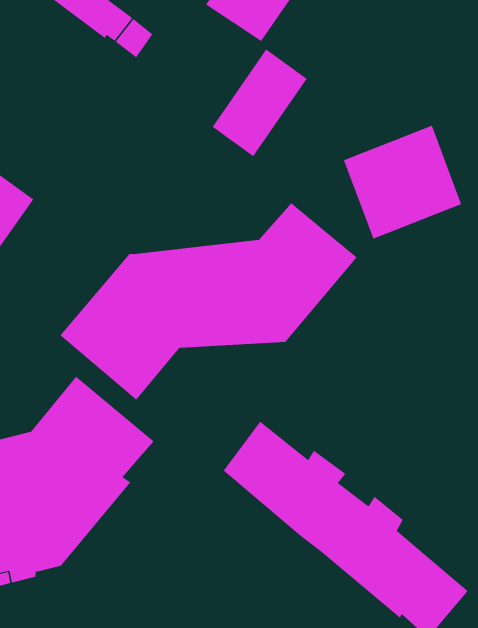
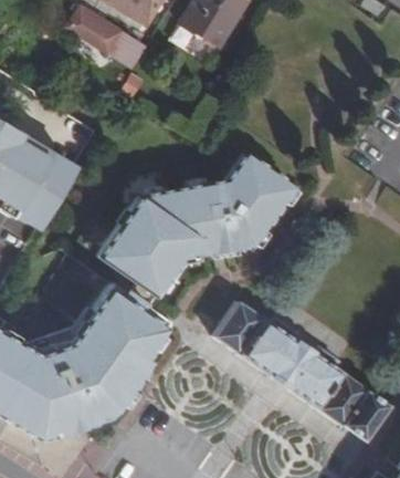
building: [212,48,308,157] -> none
building: [343,125,462,239] -> none

